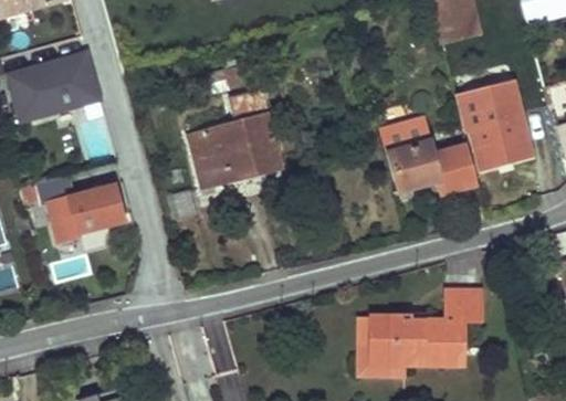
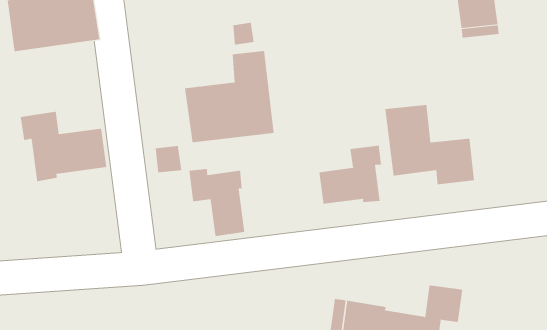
building: [454,82,532,169] -> none
building: none -> [319,145,381,204]
building: none -> [189,168,245,237]

